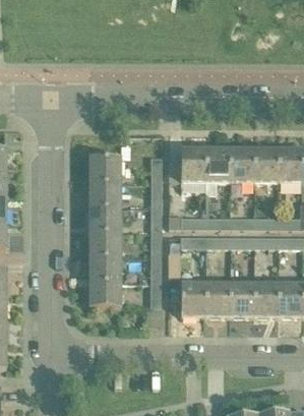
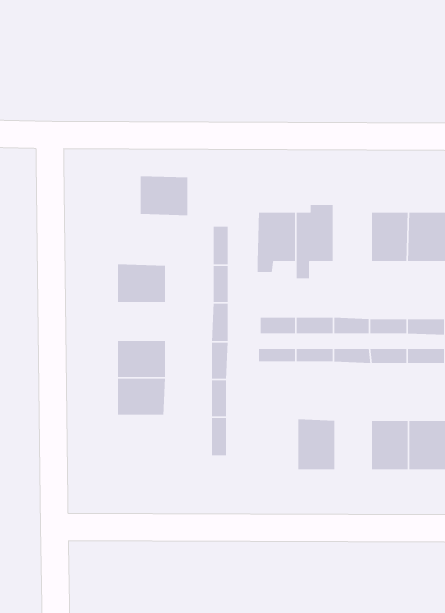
building: [230,148,254,181] -> none
building: [89,157,121,183] -> [140,175,188,216]
building: [89,207,121,232] -> none
building: [89,281,120,306] -> none
building: [181,283,206,316] -> none
building: [231,284,254,316] -> none

